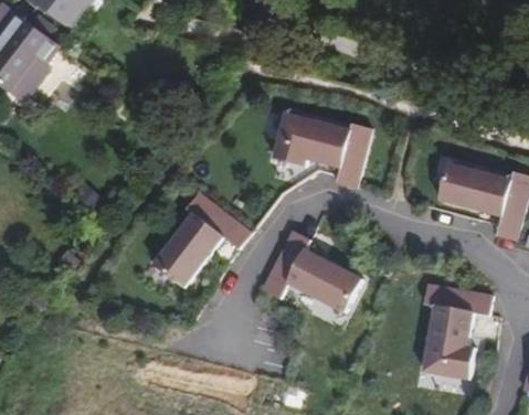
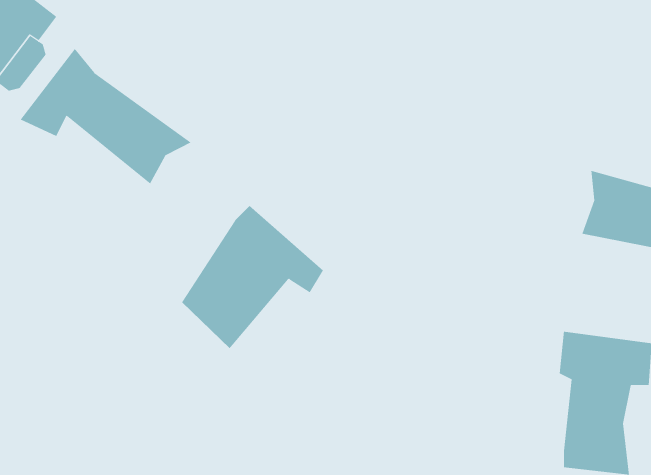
building: none -> [20,48,192,185]
building: [275,109,378,189] -> none
building: [263,223,362,317] -> none

